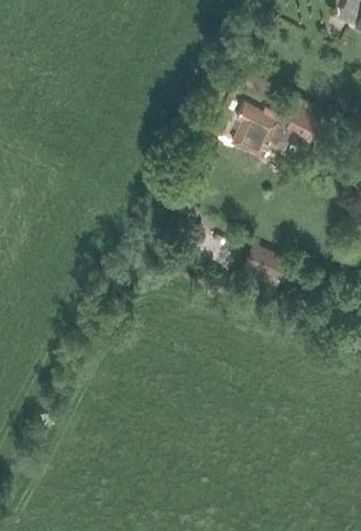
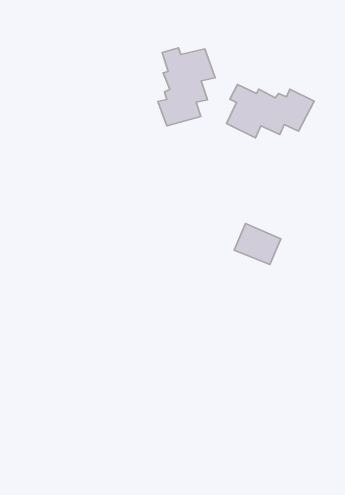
building: none -> [158,48,215,126]

